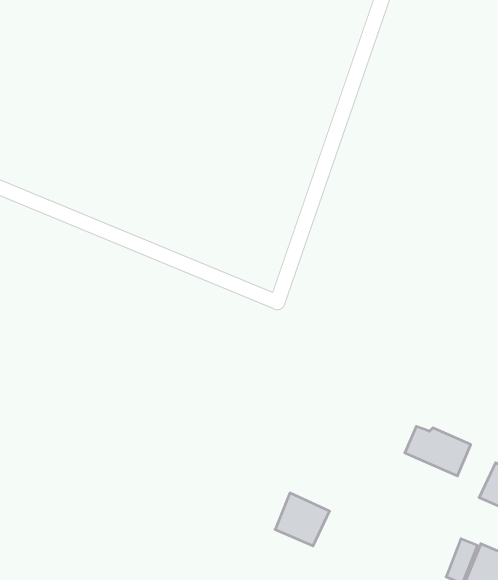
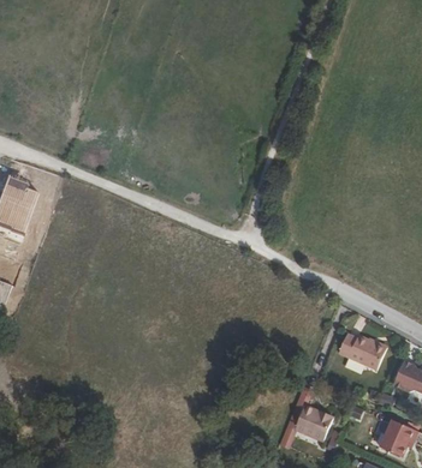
building: [275,493,330,546] -> [293,400,333,438]

